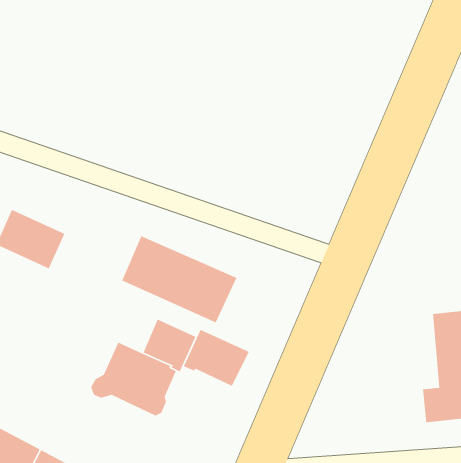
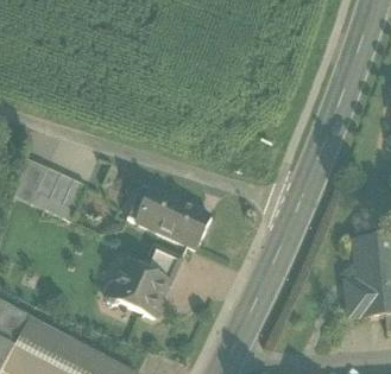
building: [183,329,250,387] -> none

